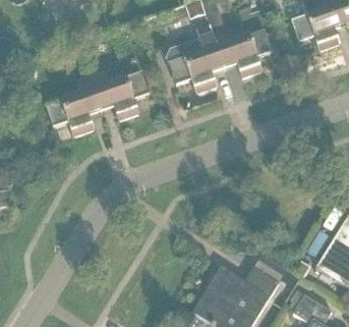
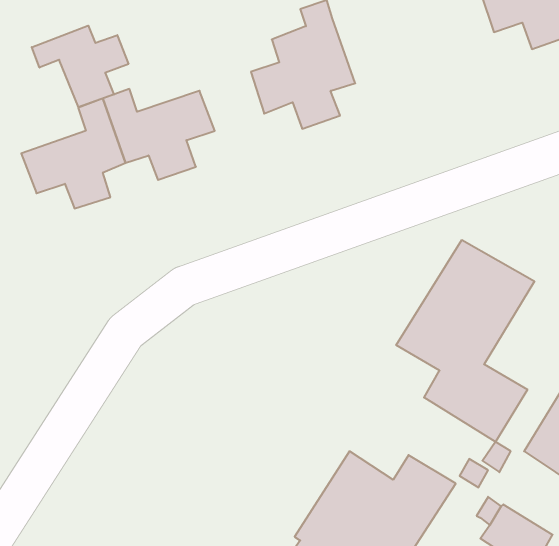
building: [212,28,272,76] -> none
building: none -> [32,26,128,107]
building: none -> [396,240,534,442]

